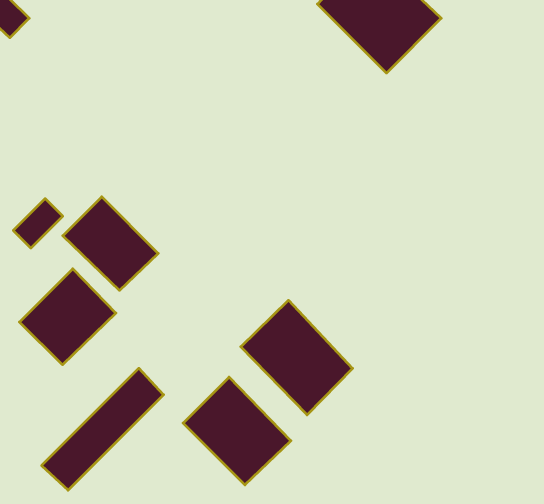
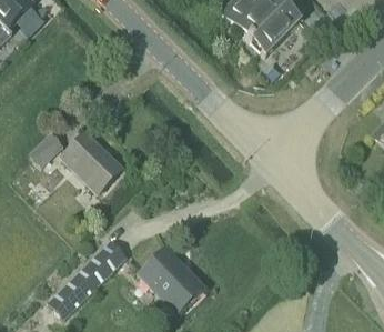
building: [19,269,116,365] -> none
building: [241,300,353,415] -> none

